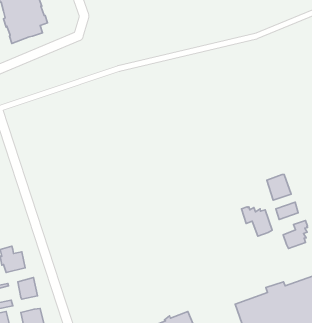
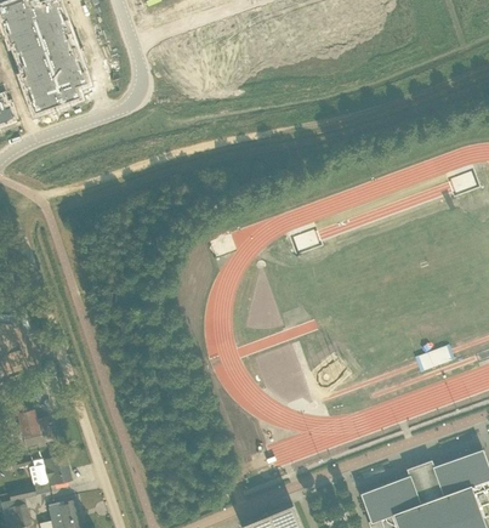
building: [267,174,291,200] -> none
building: [242,207,272,236] -> none
building: [283,221,308,248] -> none

